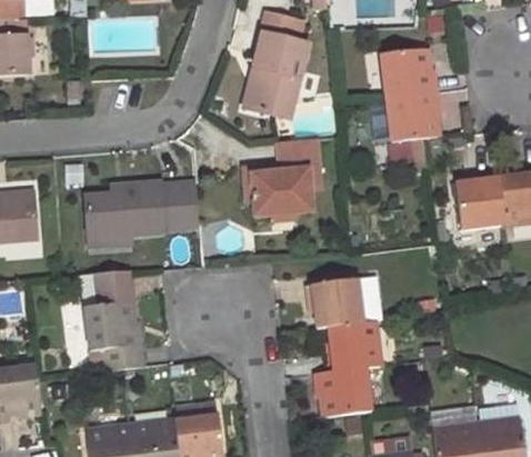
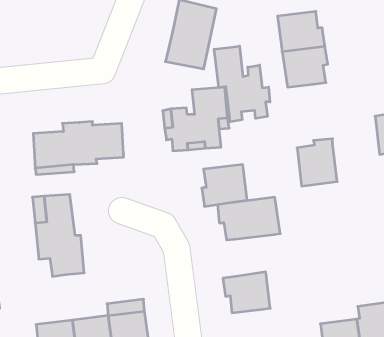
building: none -> [214,46,270,122]
building: [457,170,505,228] -> [297,139,337,186]
building: [327,320,382,371] -> [202,165,247,206]

